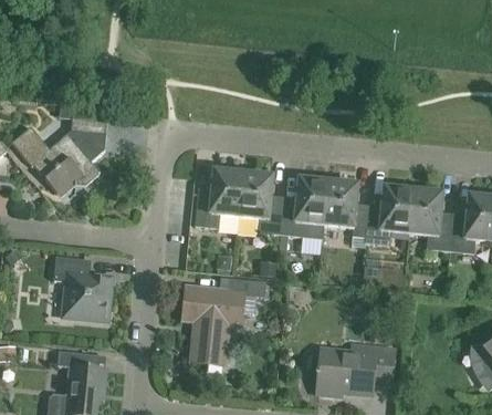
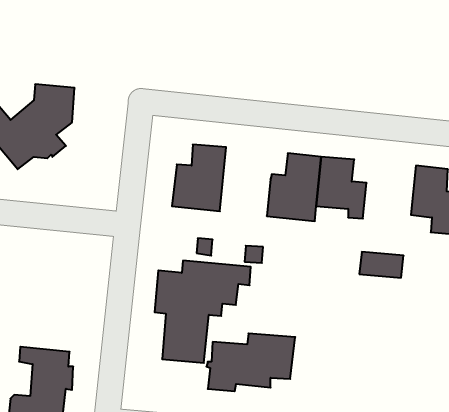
building: [238,173,284,235] -> none
building: [365,187,414,246] -> none
building: [53,257,112,321] -> none
building: [315,344,395,396] -> [206,333,295,391]

